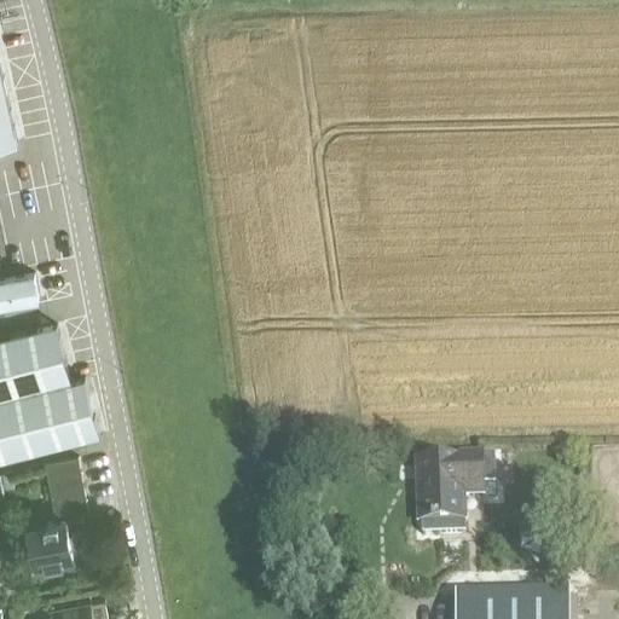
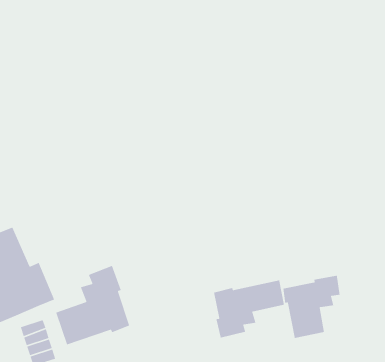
building: none -> [55,265,130,346]
building: none -> [213,280,285,339]

